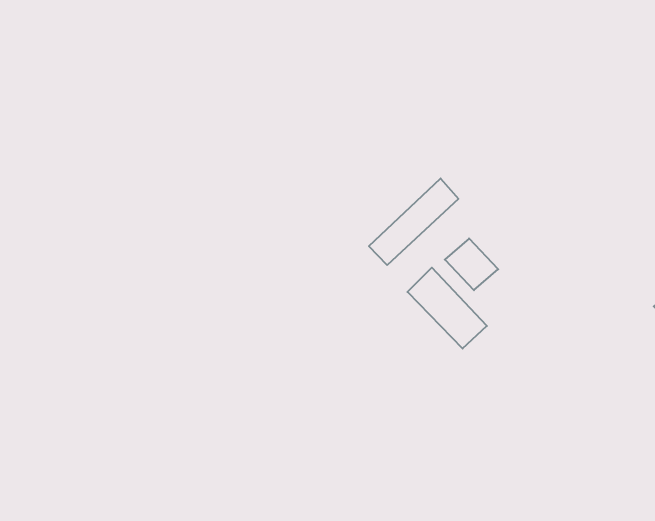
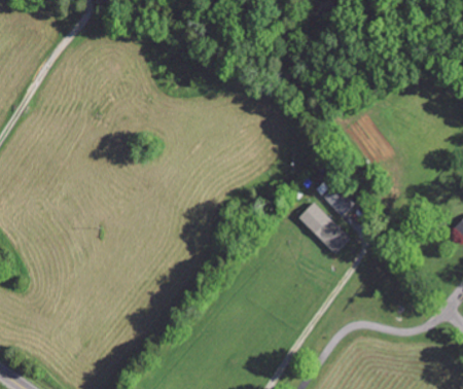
building: [369,178,458,265] -> none

